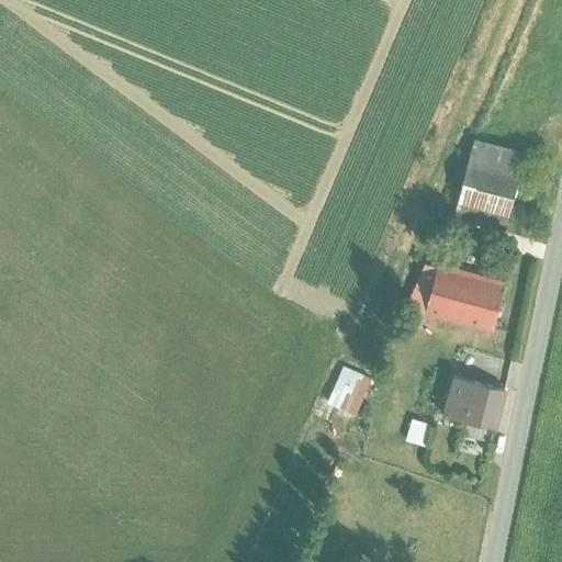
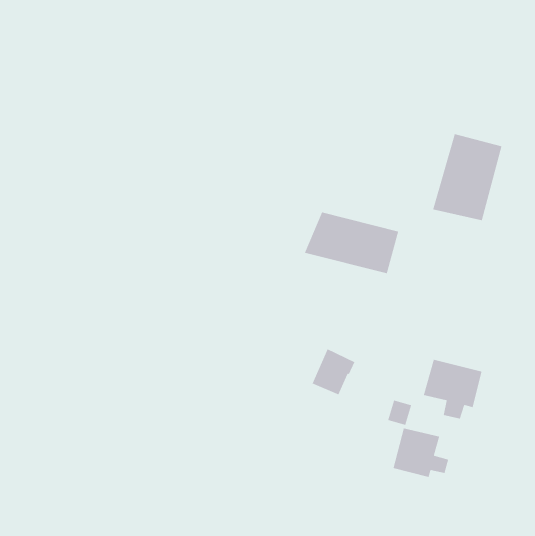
building: [405,263,505,329] -> [304,211,399,274]
building: none -> [392,427,449,478]

